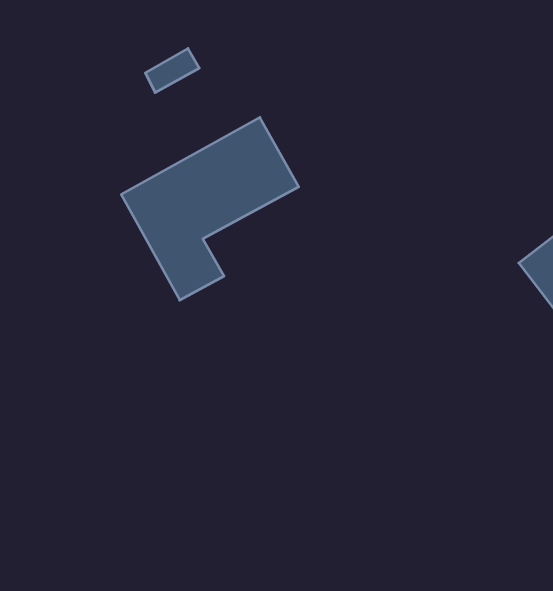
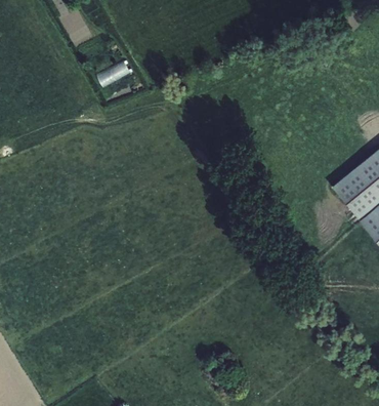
building: [121,117,299,300] -> none

